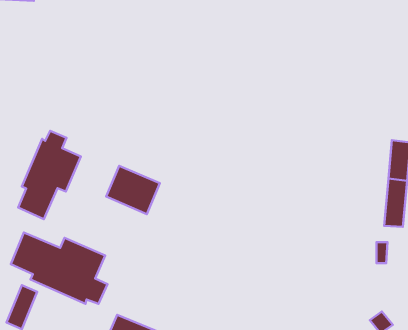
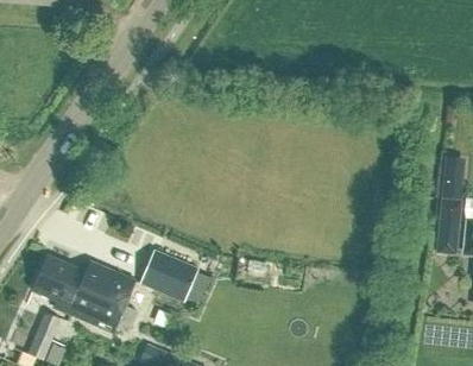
building: [18,131,81,219] -> none
building: [106,166,160,214] -> [139,247,197,299]

